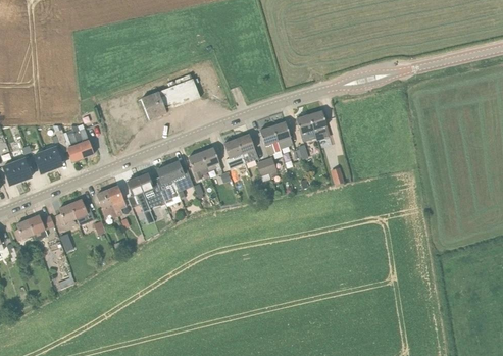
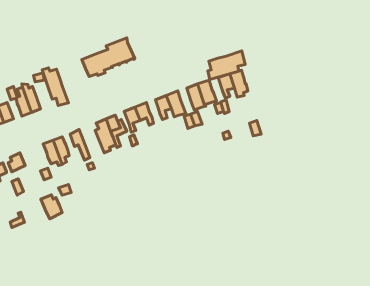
building: none -> [208,51,245,79]
building: none -> [42,68,69,106]
building: [137,173,165,205] -> none
building: [69,199,94,226] -> [41,195,62,219]

